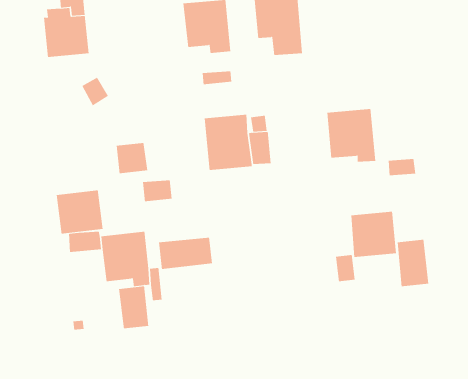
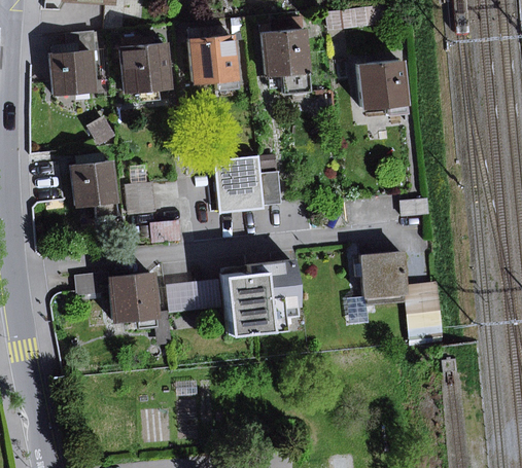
building: none -> [119,42,173,101]
building: [327,109,376,162] -> [359,60,410,114]
building: [56,190,103,234] -> [70,161,118,207]
building: none -> [219,257,294,336]
building: [118,285,149,329] -> none

